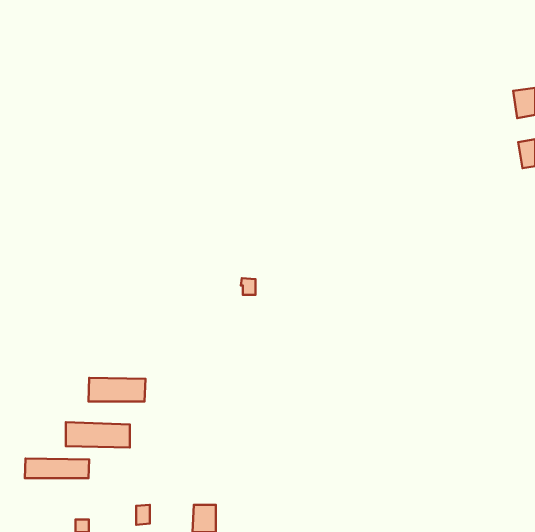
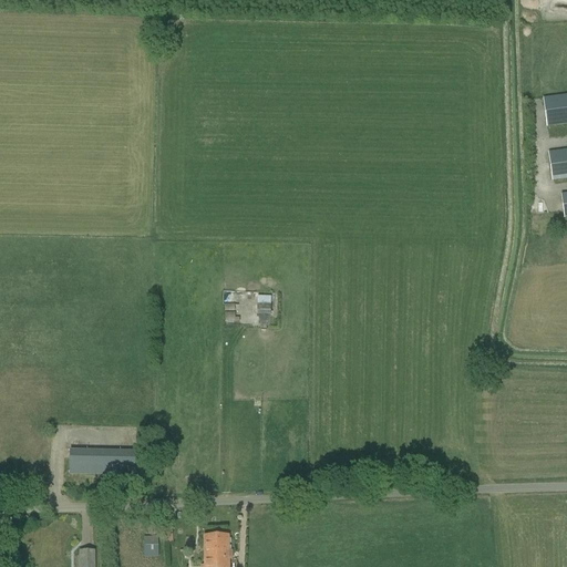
building: [88,378,145,402] -> none
building: [25,459,89,478] -> none

